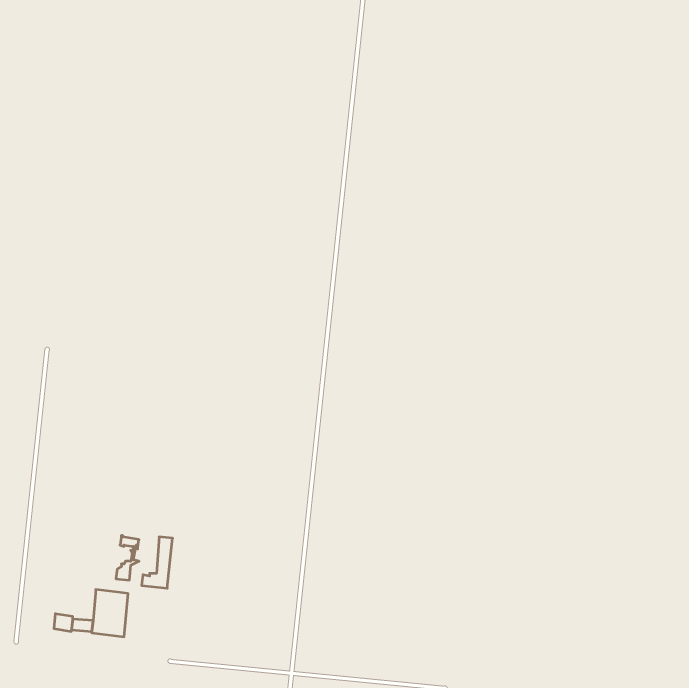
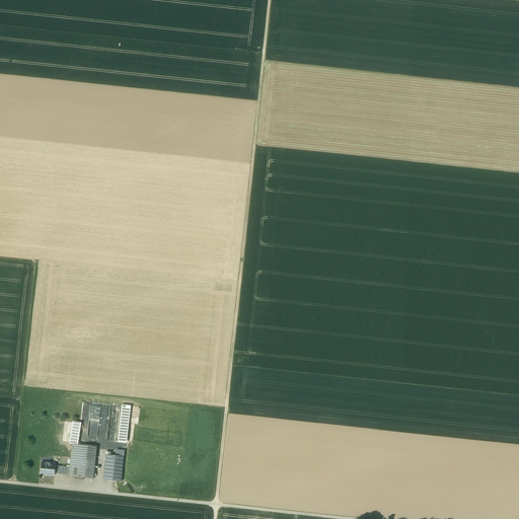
building: none -> [103,454,124,481]

